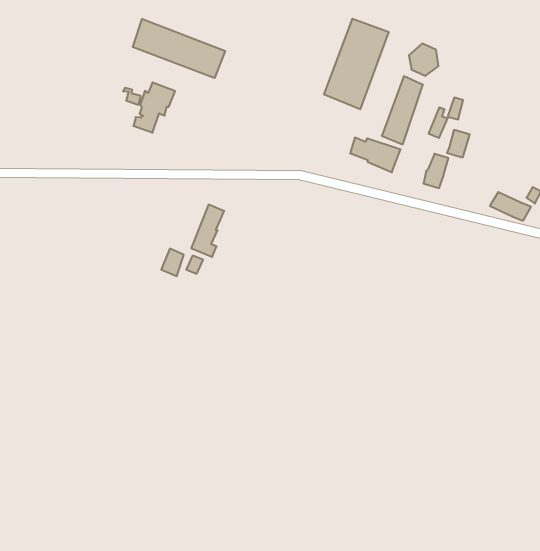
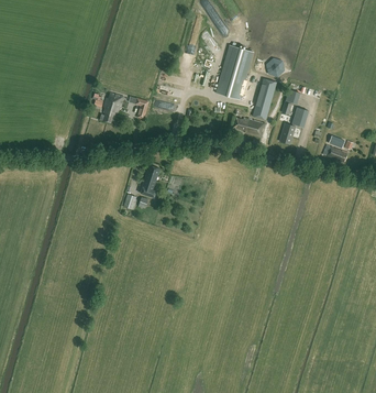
building: [133,19,225,78] -> none

